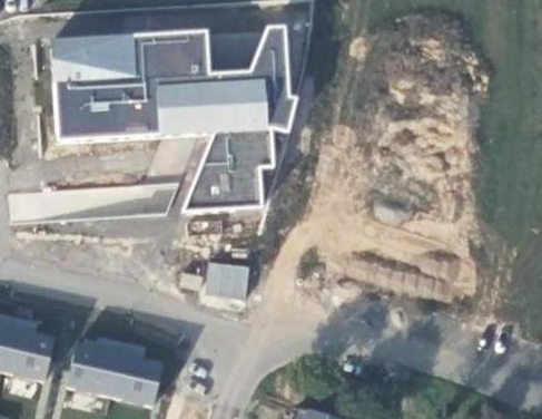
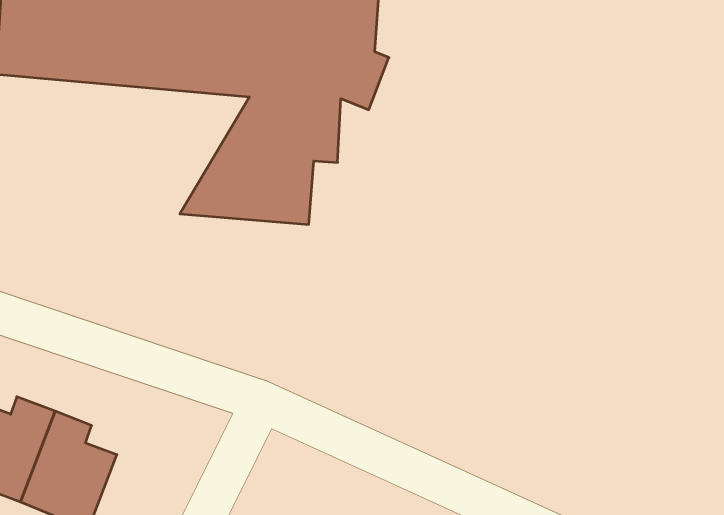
building: [205,260,249,295] -> none

